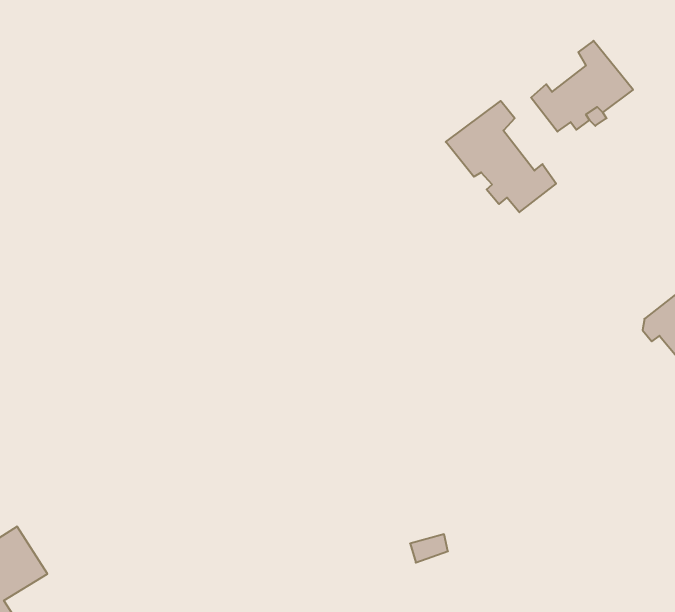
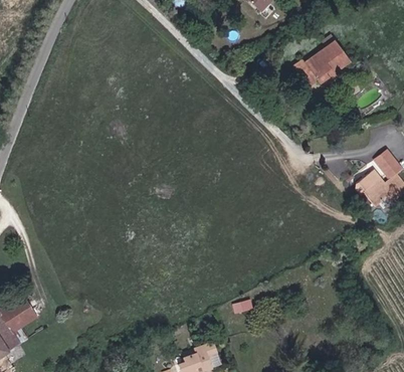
building: [446,101,556,212] -> none

